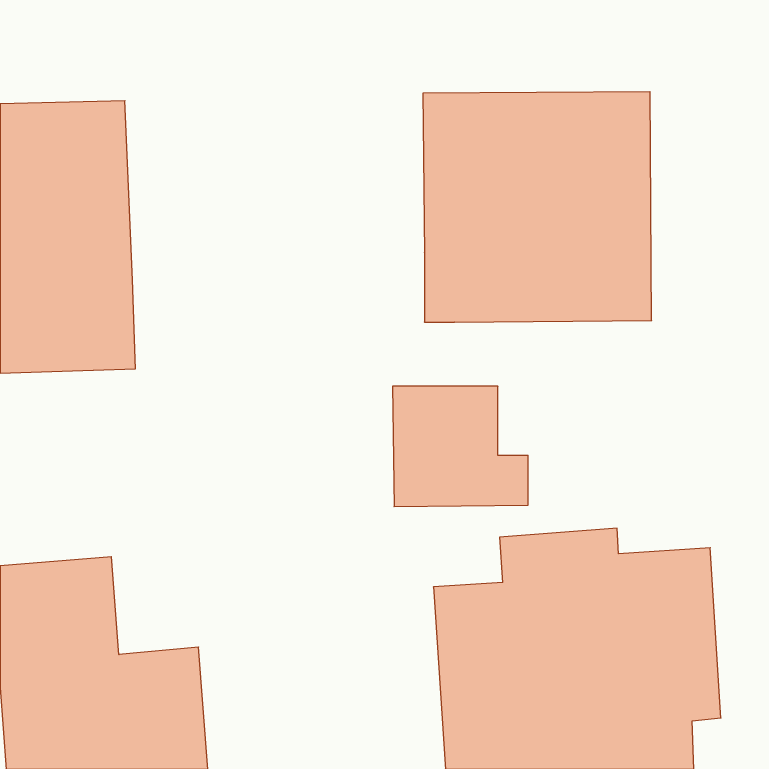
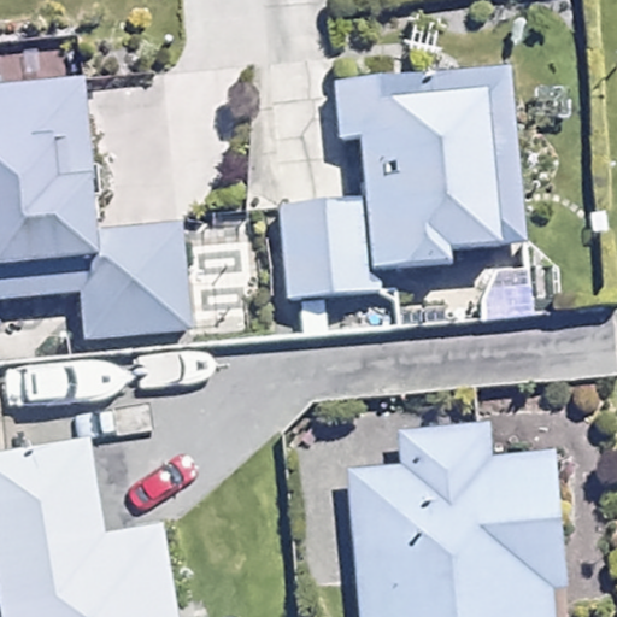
building: none -> [75,222,180,334]
building: [393,386,528,507] -> [255,202,364,299]

